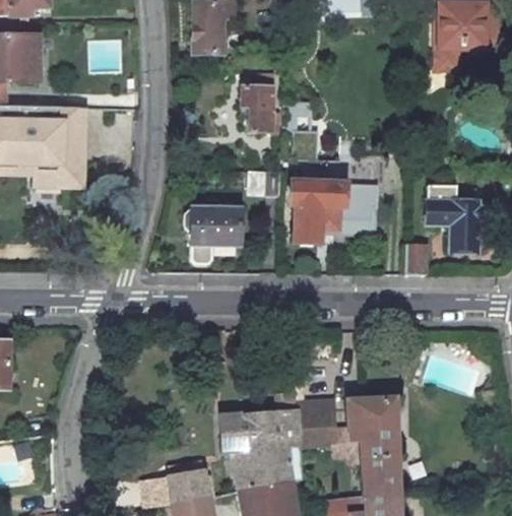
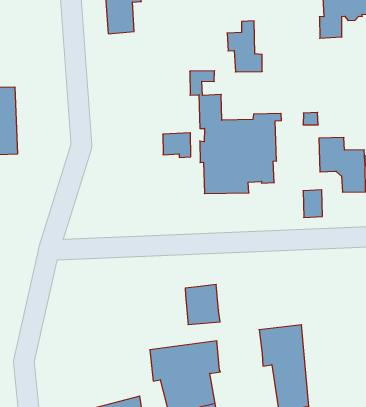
building: [242,75,280,133] -> [227,21,262,72]
building: [186,208,240,263] -> none
building: [299,400,336,444] -> [185,285,220,325]

